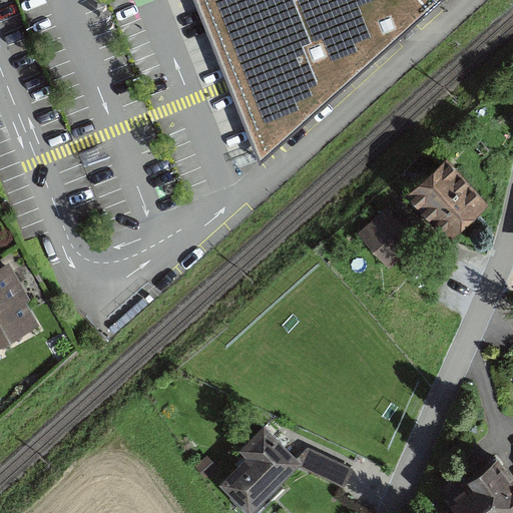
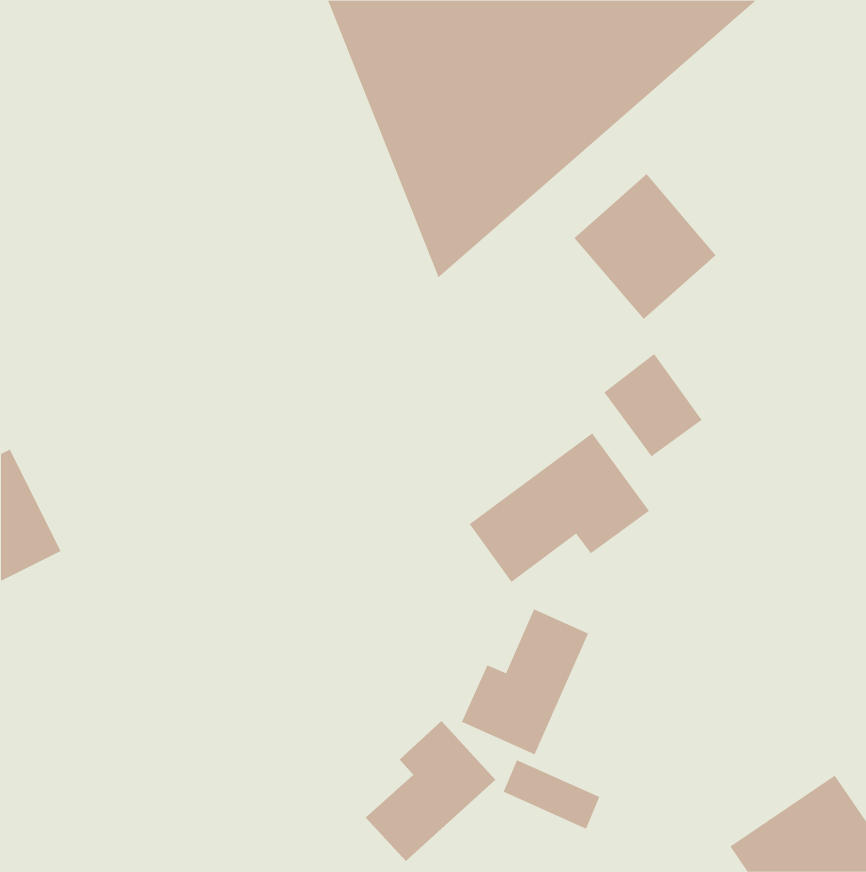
building: [399,154,483,240] -> [573,173,717,320]
building: none -> [469,433,650,583]
building: none -> [461,608,589,755]

